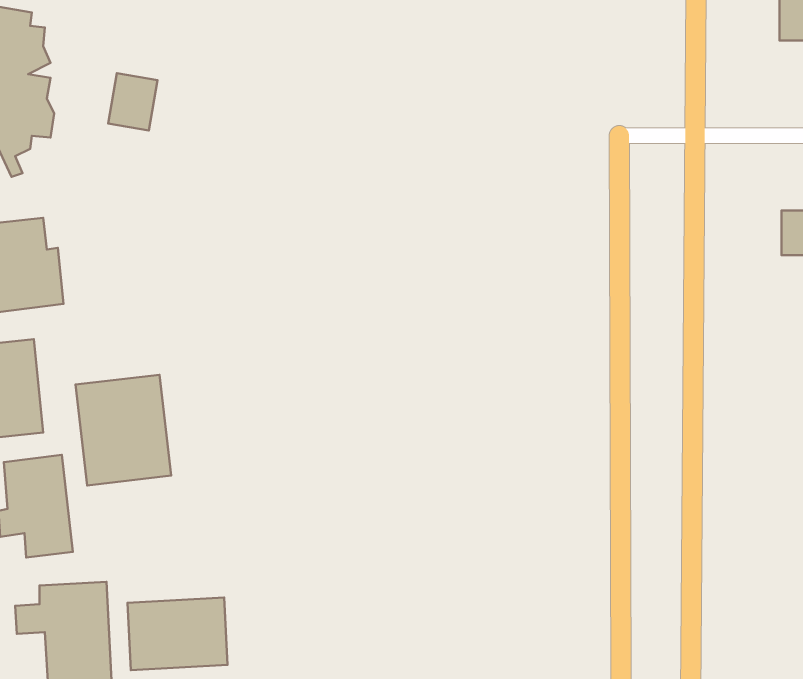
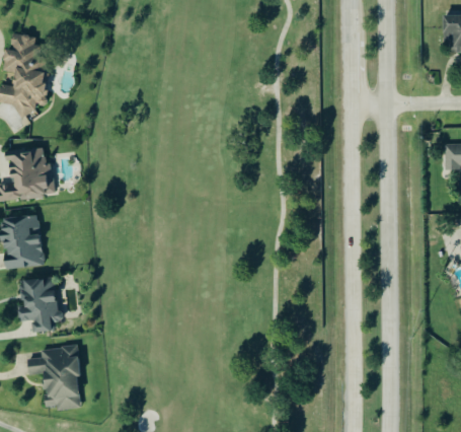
building: [108,73,158,130] -> none
building: [75,375,171,485] -> none
building: [128,598,227,670] -> none

